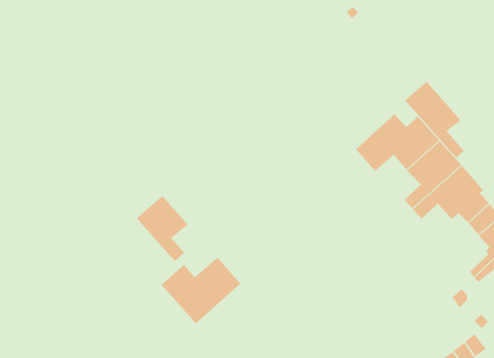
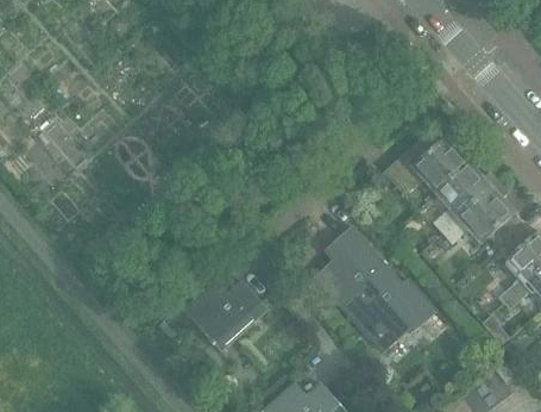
building: [404,81,464,158] -> none
building: [136,195,188,262] -> none
building: none -> [314,225,436,345]

